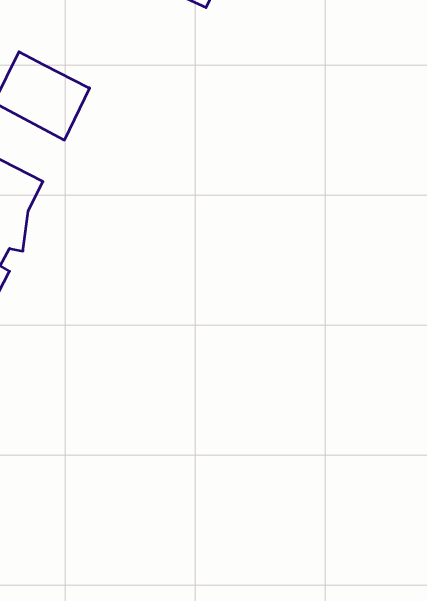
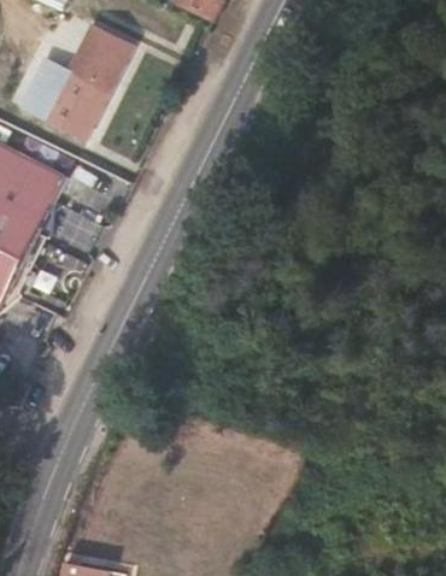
building: none -> [66,19,130,92]

